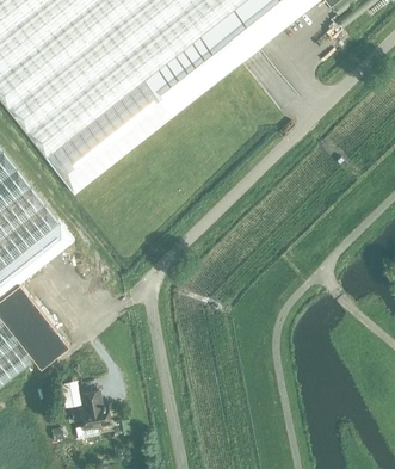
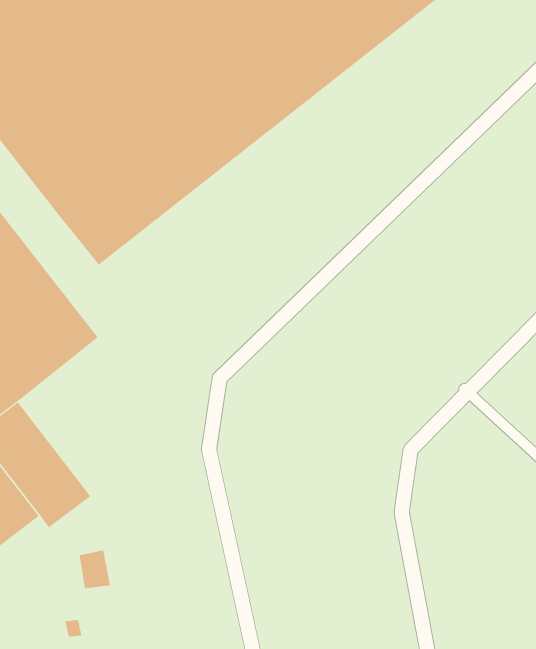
building: [70,389,110,427] -> none

